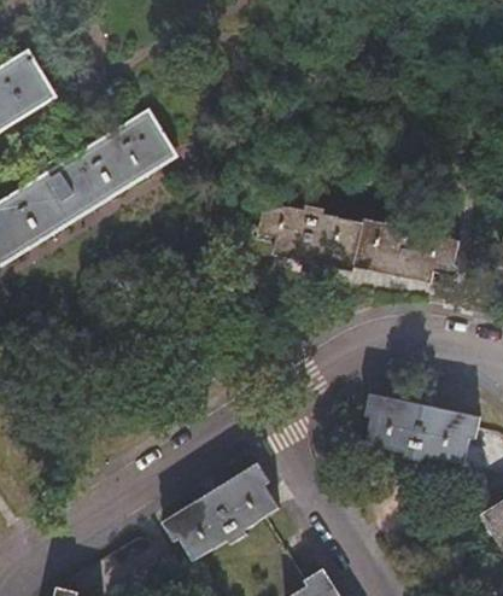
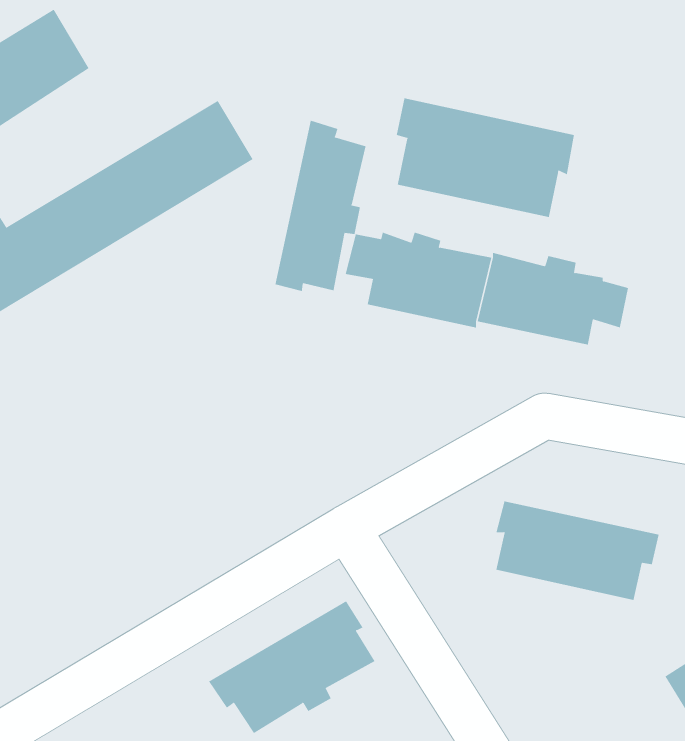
building: none -> [396,97,574,218]
building: none -> [275,120,366,292]

